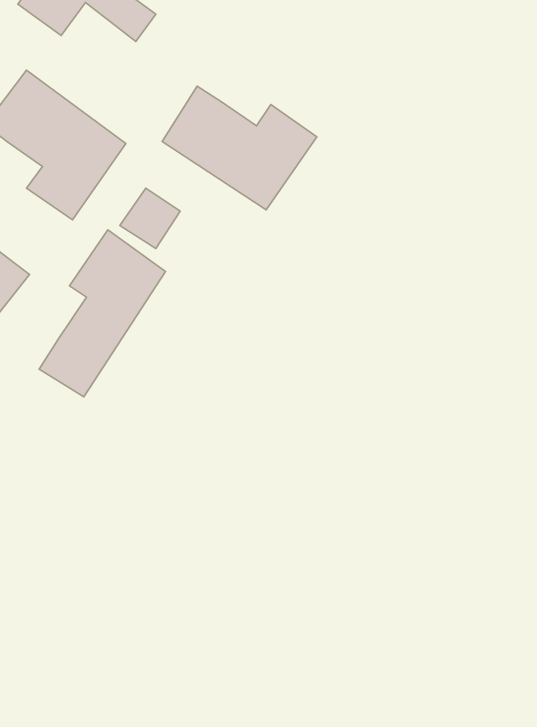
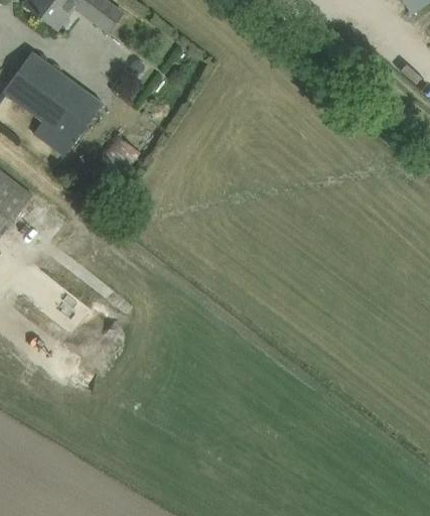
building: [162,86,317,210] -> none
building: [39,230,166,397] -> none

